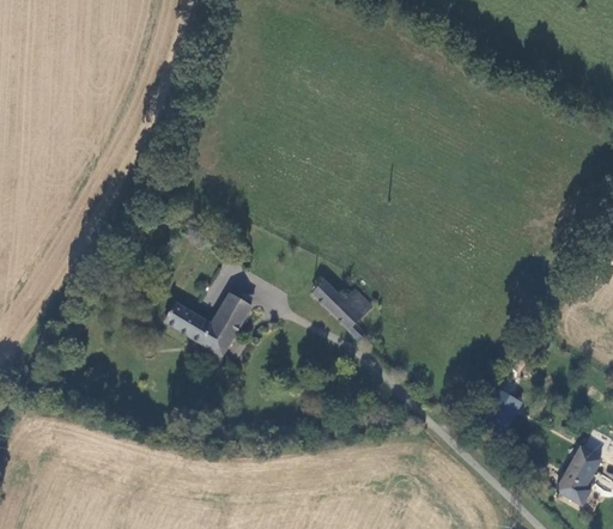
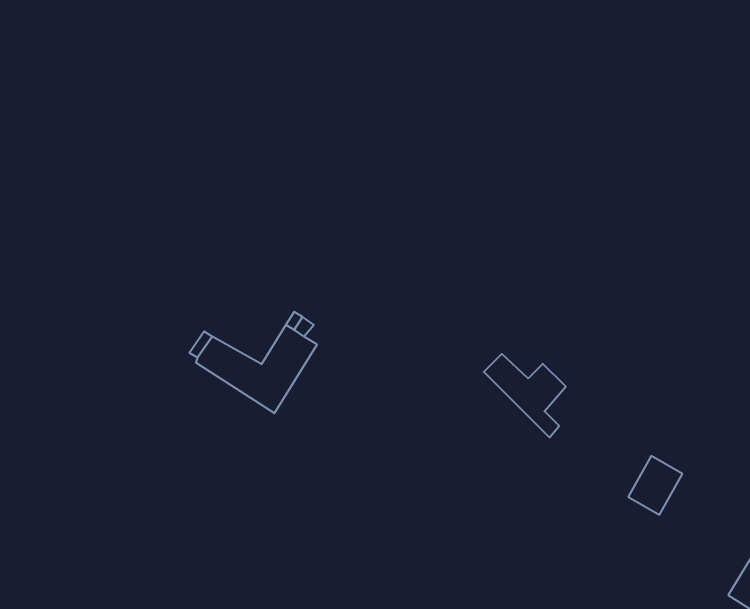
building: [312,280,372,341] -> [484,354,566,437]

